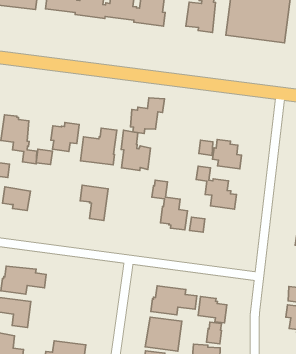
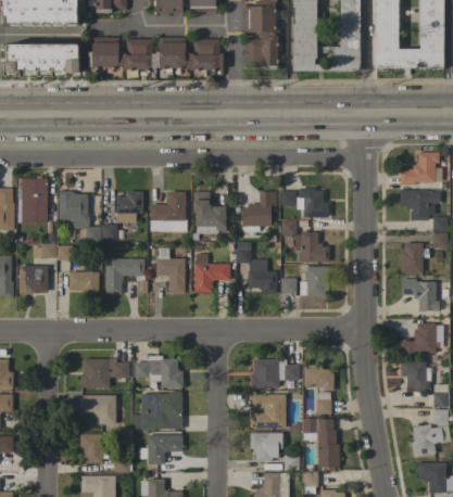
building: [130,98,164,133] -> [241,191,276,232]
building: none -> [105,258,144,294]
building: none -> [193,254,230,293]
building: none -> [299,267,328,297]
building: none -> [131,356,183,387]
building: none -> [130,392,183,432]

